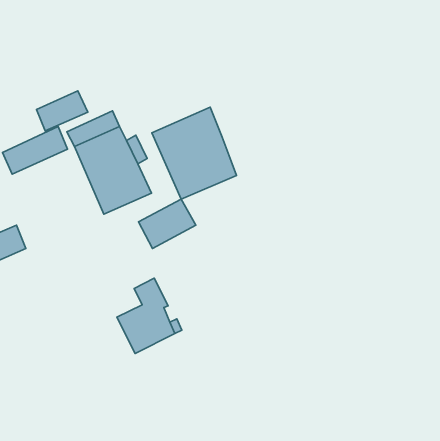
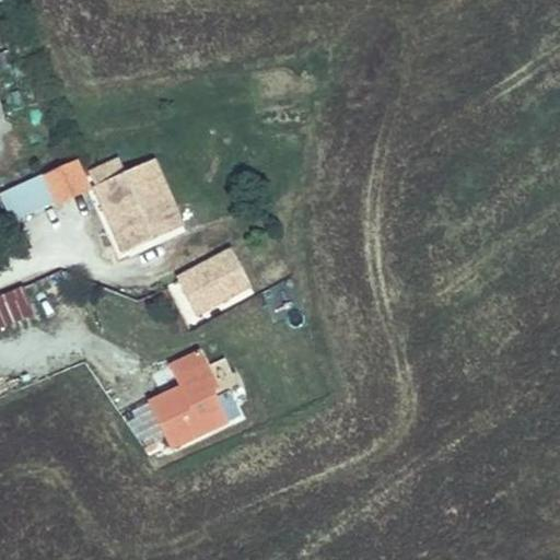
building: [36,91,88,131] -> none
building: [152,107,236,199] -> none

